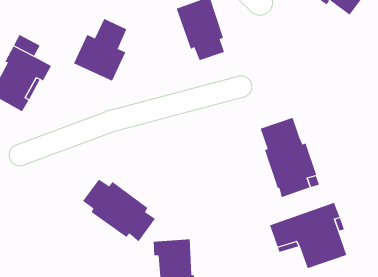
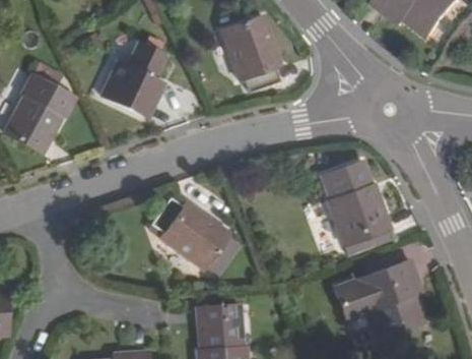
building: [82,179,156,242] -> [150,197,238,273]

